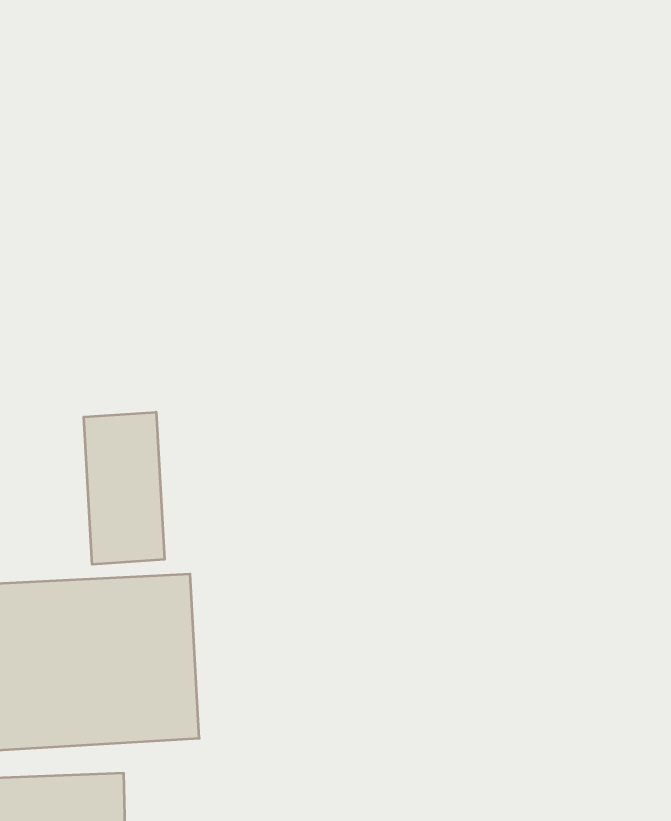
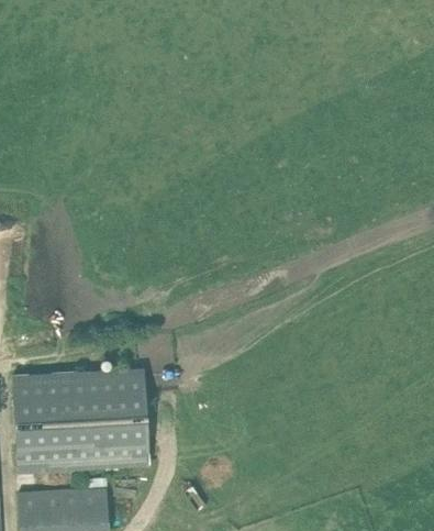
building: [84,412,164,564] -> none

